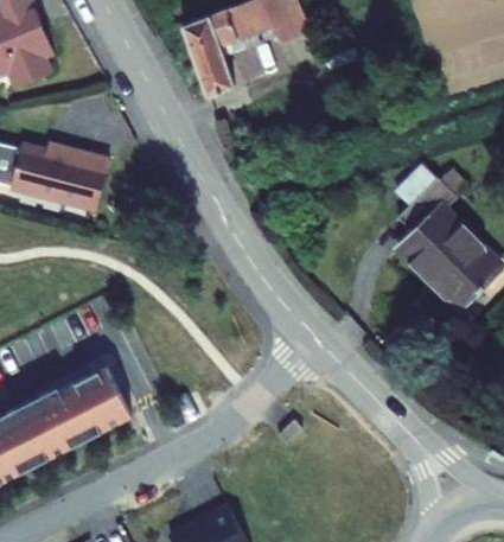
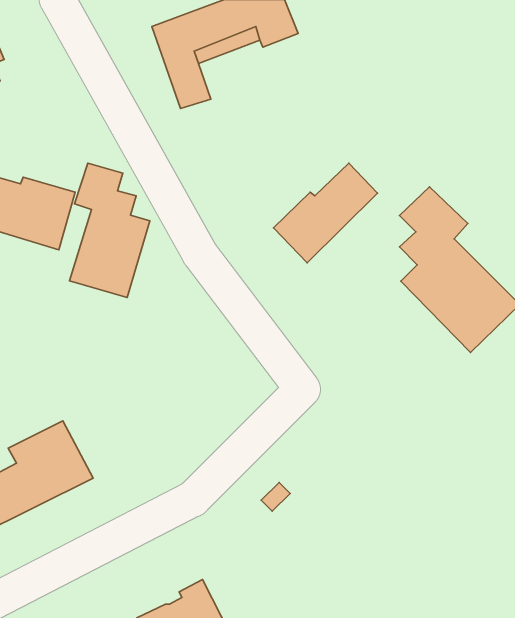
building: none -> [273,163,377,263]
building: none -> [70,163,150,298]

